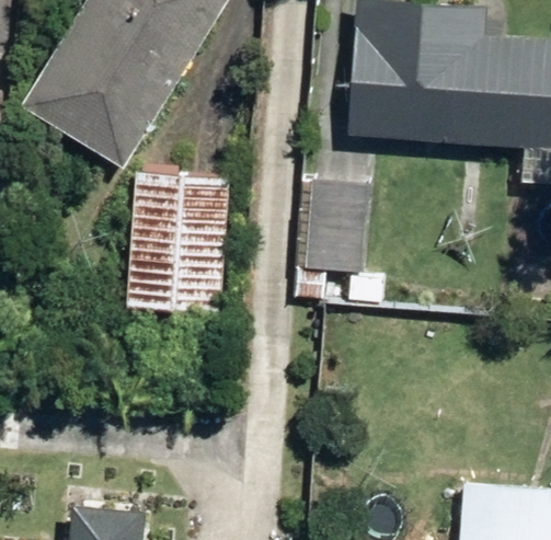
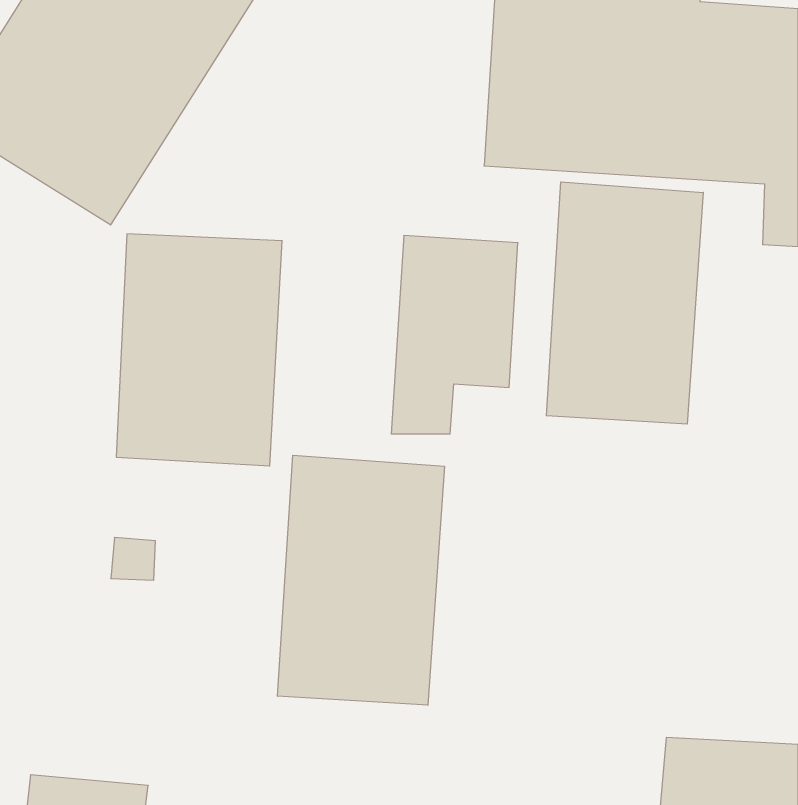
building: none -> [546,182,703,424]
building: none -> [278,455,444,705]

